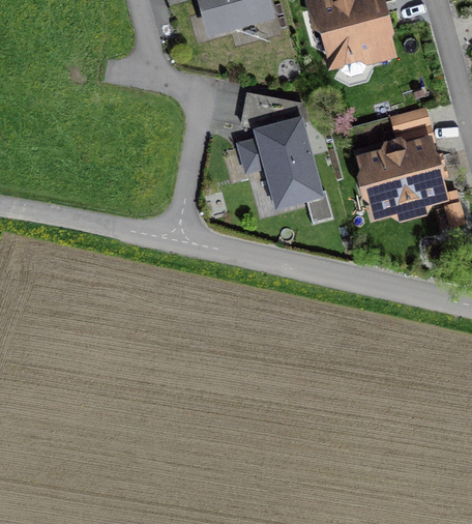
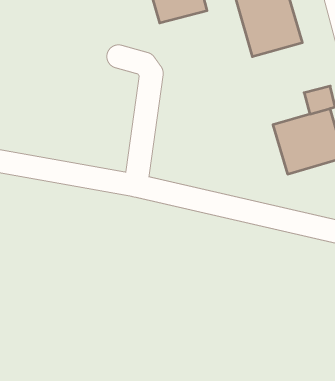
building: [245,91,322,203] -> none

